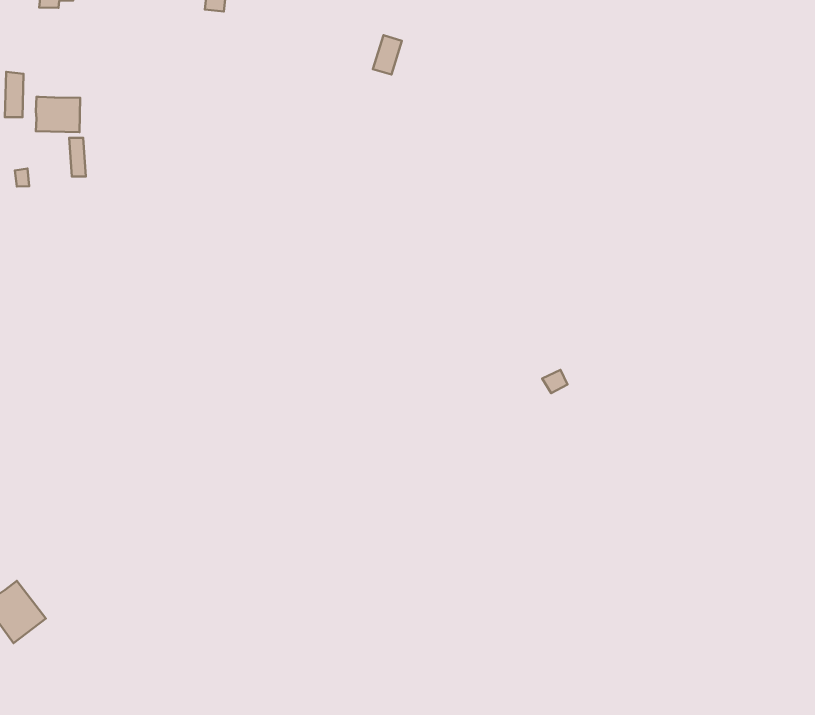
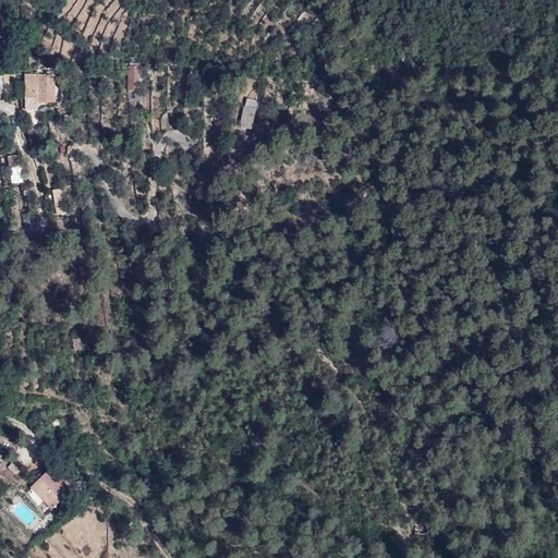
building: [36,97,80,132] -> none

